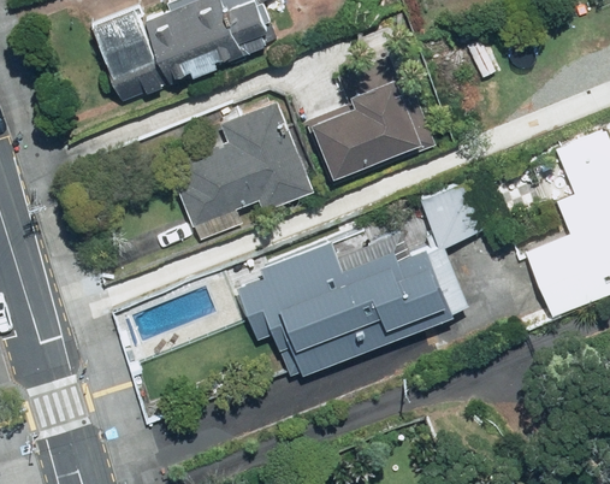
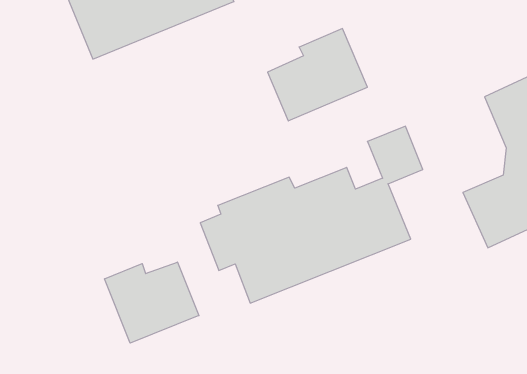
building: [179,100,314,226] -> none
building: none -> [105,262,199,343]

